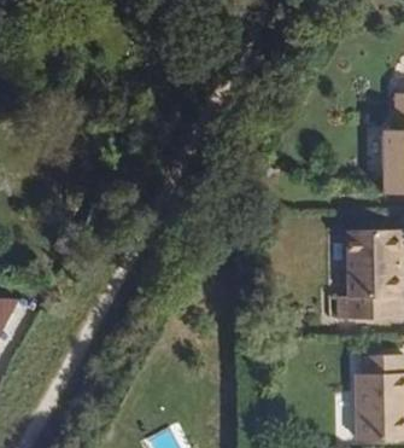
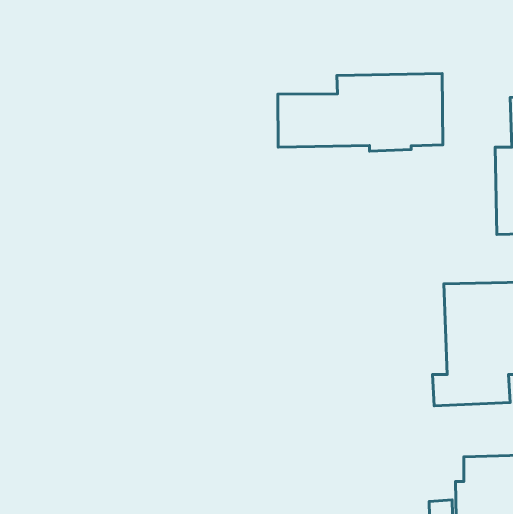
building: none -> [278,74,443,151]

